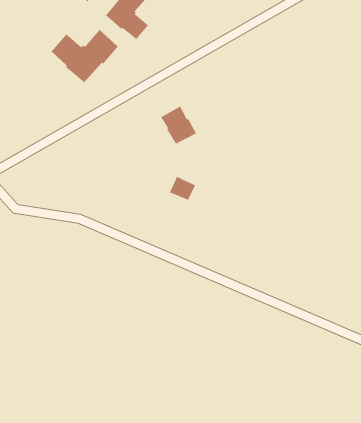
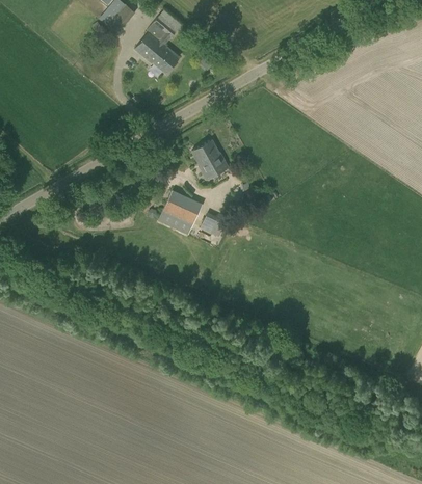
building: [51,29,119,83] -> none
building: none -> [157,189,202,235]

